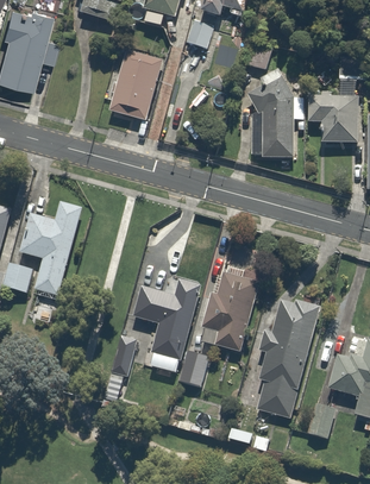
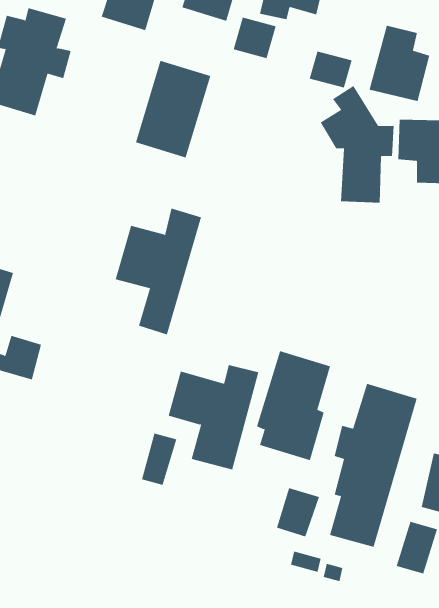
building: none -> [369,25,430,102]
building: [17,199,83,296] -> [115,208,202,335]
building: [177,348,211,386] -> [276,488,320,537]

